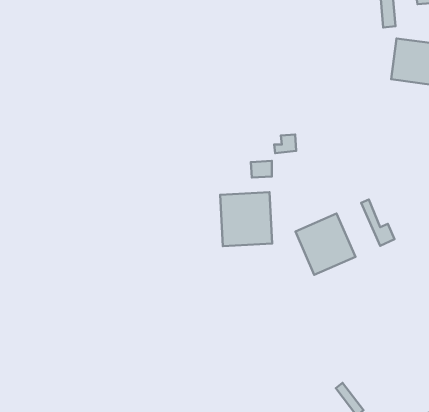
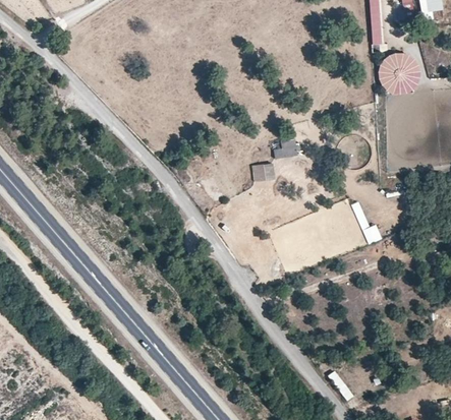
building: [220,192,272,246] -> none
building: [295,214,355,275] -> none

